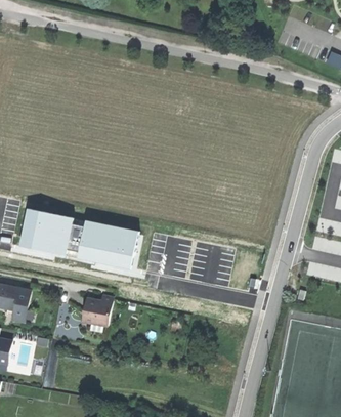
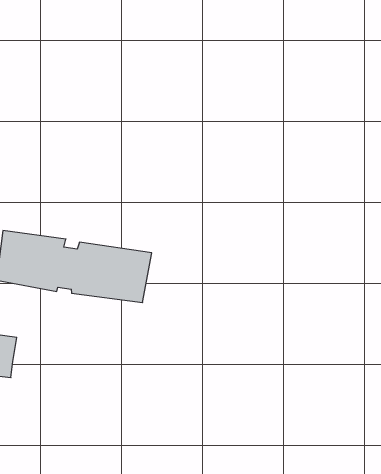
building: [83,296,114,326] -> none

